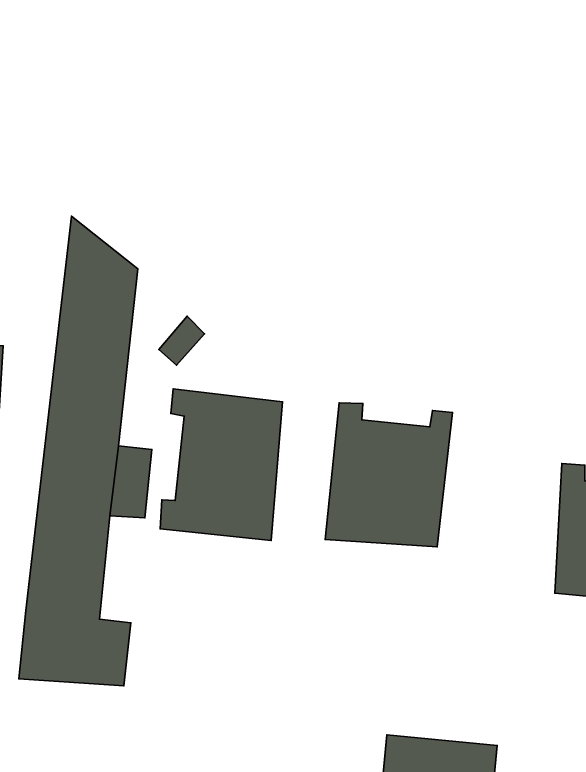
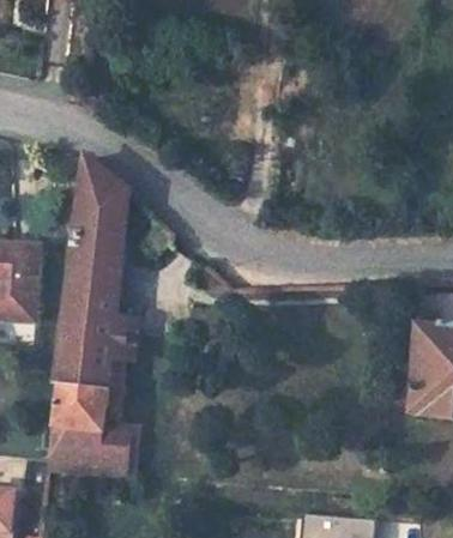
building: [160,389,282,540] -> none
building: [325,403,453,547] -> none

